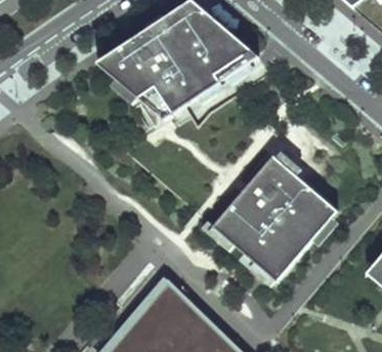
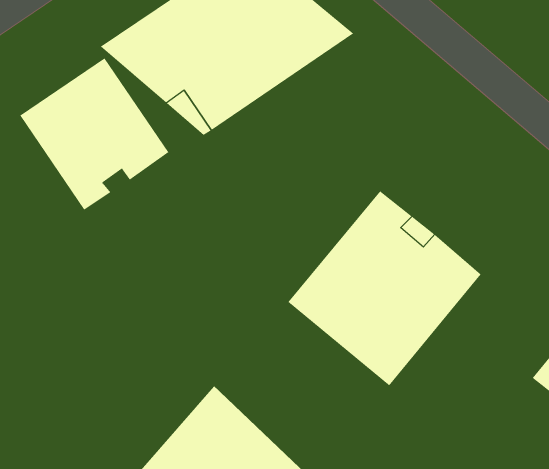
building: none -> [19,57,169,210]

